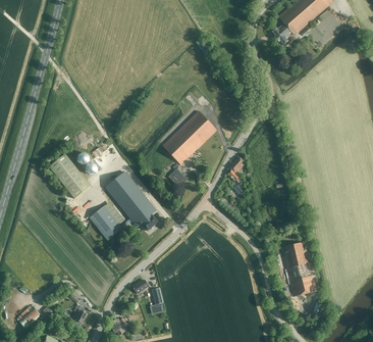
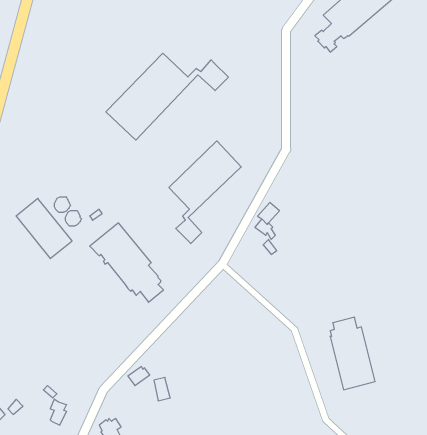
building: none -> [106,53,228,140]
building: [91,201,123,240] -> none

